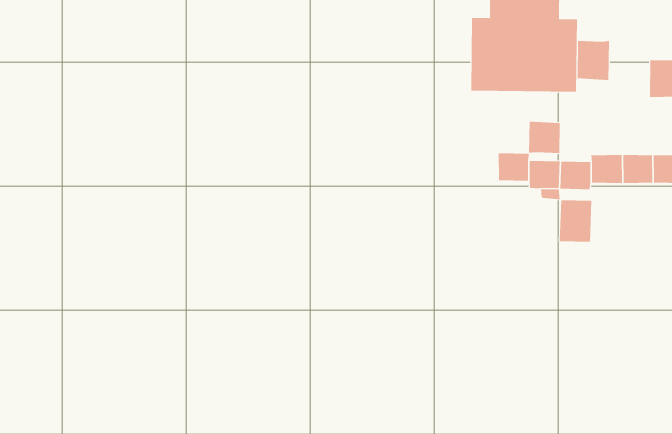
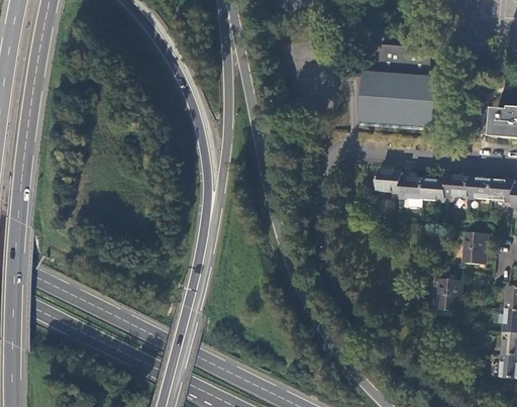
building: [577,40,610,81] -> none
building: [528,121,560,154] -> none
building: [559,200,592,242] -> [459,231,486,264]
building: none -> [433,277,459,310]

